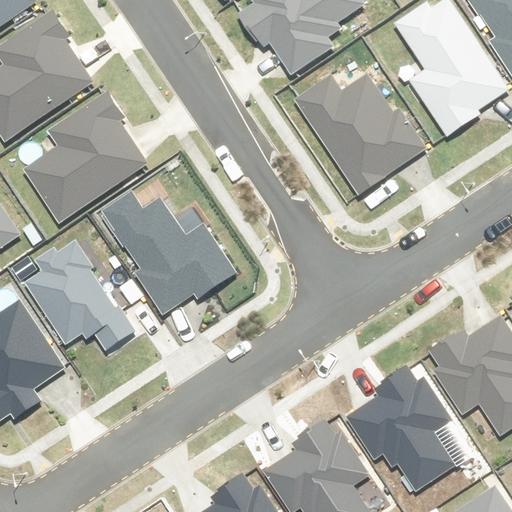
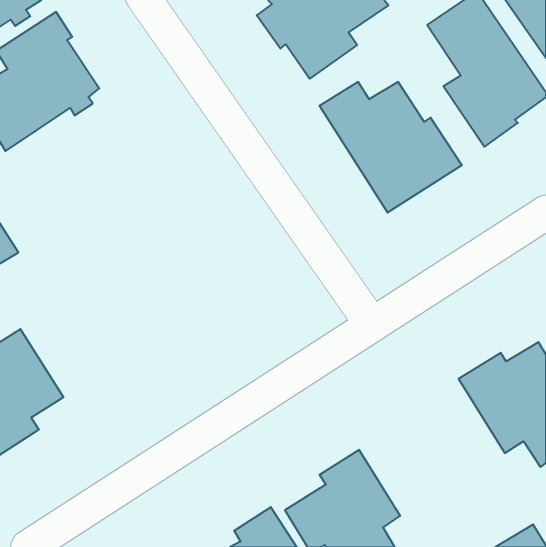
building: [26,93,149,221] -> none
building: [99,192,231,311] -> none
building: [25,241,131,347] -> none
building: [351,363,456,492] -> none

